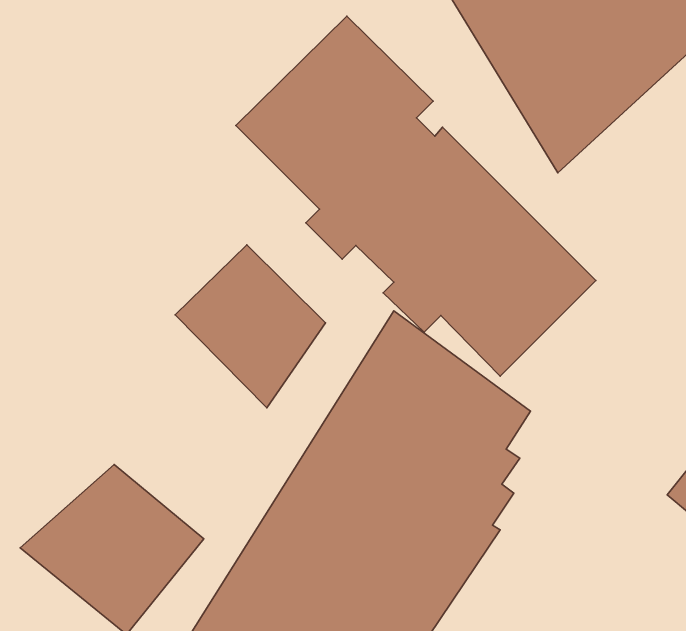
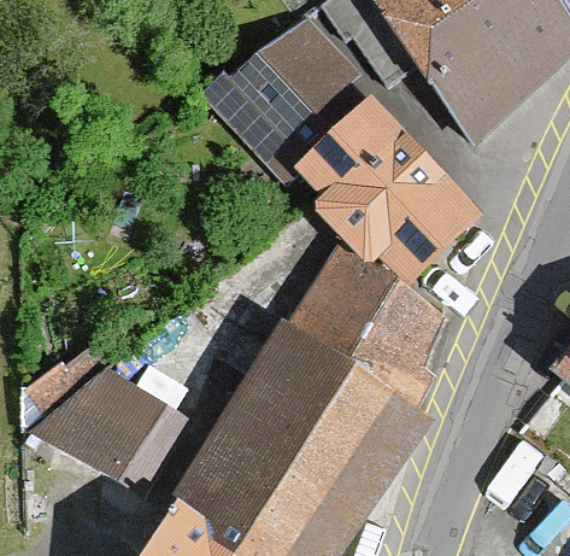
building: [175,245,325,408] -> none

